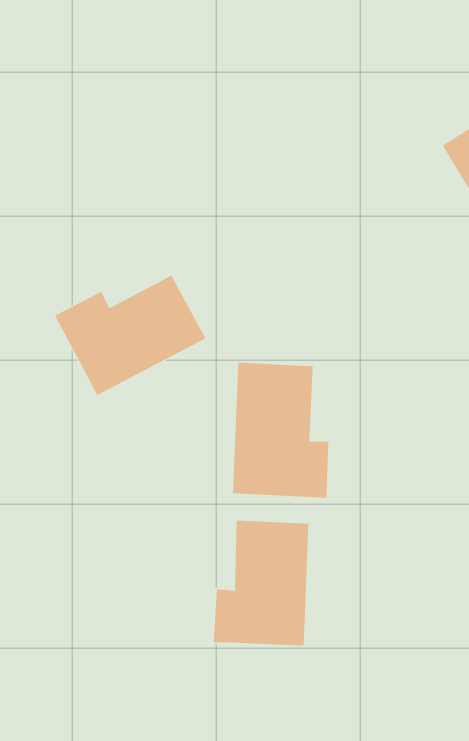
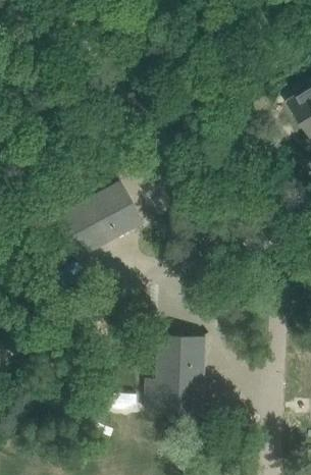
building: [233,362,329,498] -> none

